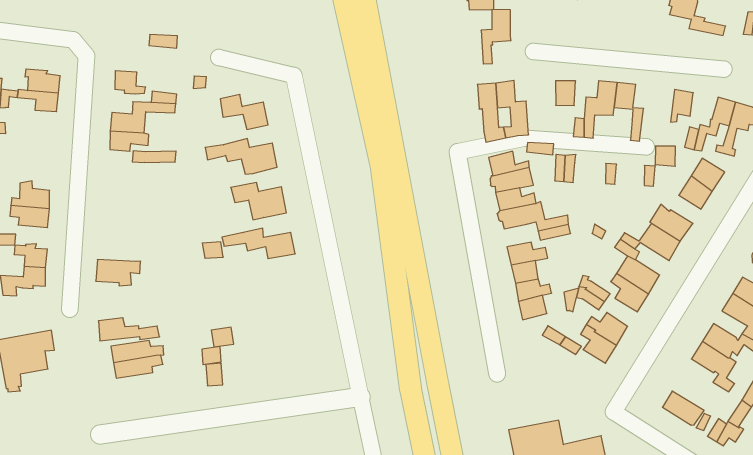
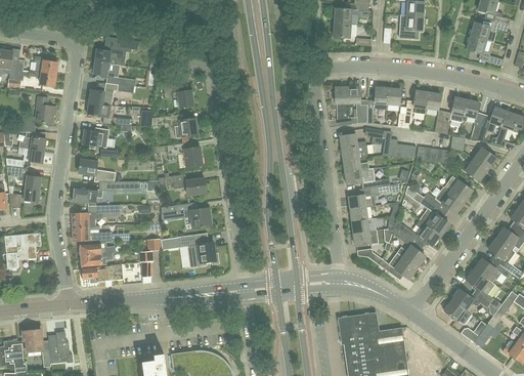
building: [481,10,511,64] -> [366,87,387,123]
building: none -> [94,48,123,66]
building: none -> [440,96,466,133]
building: none -> [20,97,53,125]
building: none -> [82,128,108,149]
building: none -> [78,159,115,181]
building: none -> [174,202,211,227]
building: none -> [71,204,119,227]
building: none -> [179,234,218,266]
building: none -> [80,263,123,284]
building: none -> [450,289,488,315]

